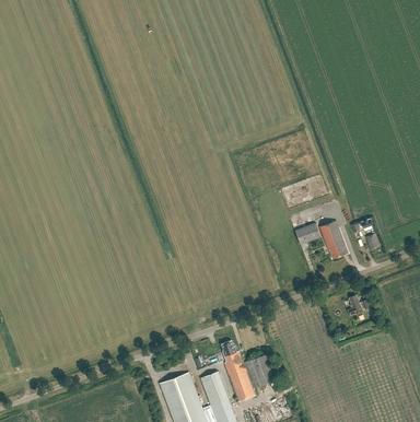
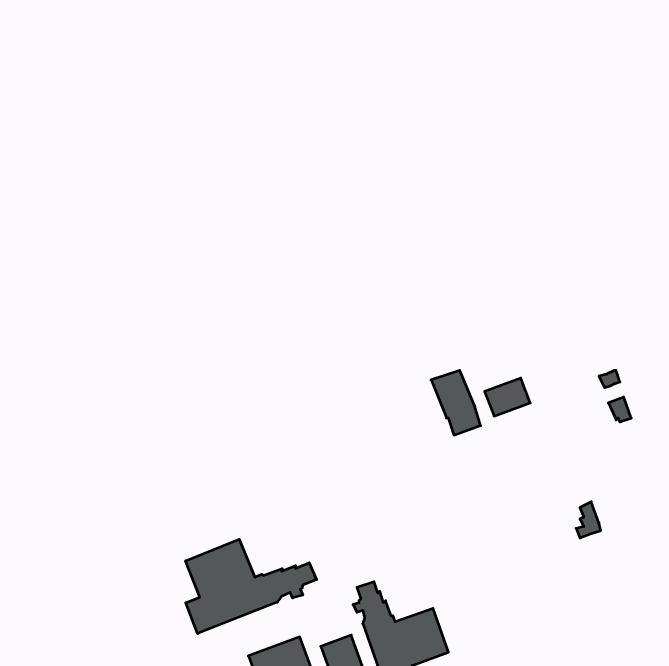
building: [318,221,347,258] -> [431,370,481,435]
building: none -> [186,539,317,634]

